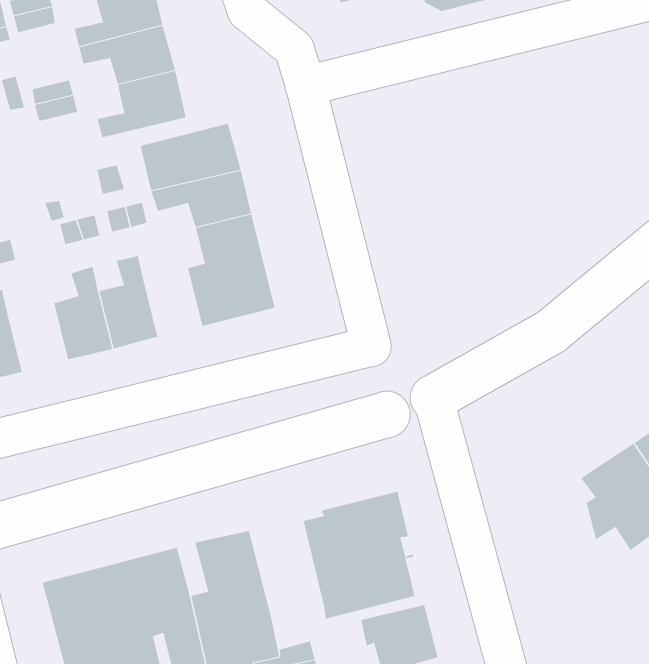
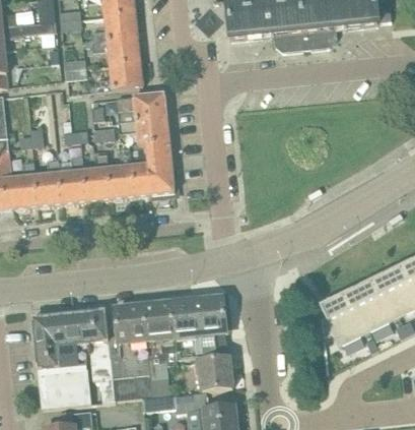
building: none -> [108,151,134,198]
building: none -> [34,160,62,206]
building: none -> [143,303,176,353]

